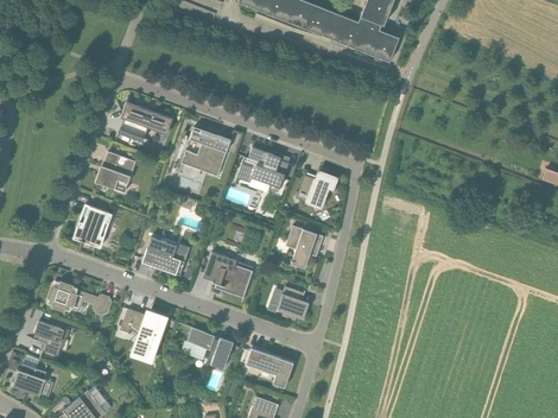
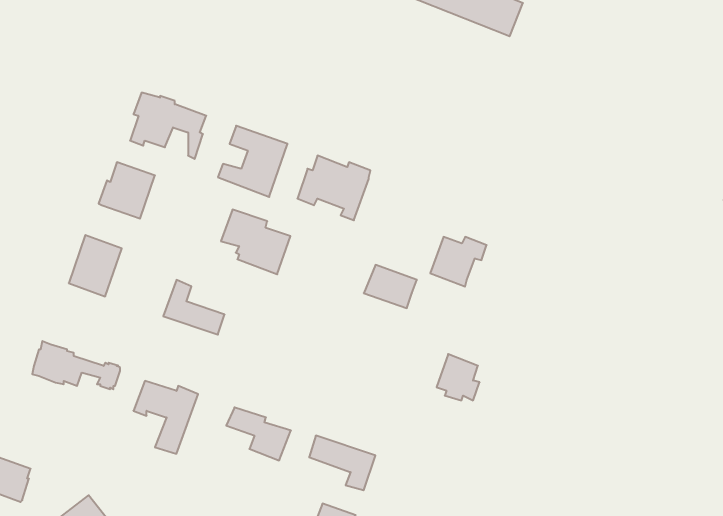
building: [296,172,336,208] -> [430,237,487,287]
building: [203,252,253,298] -> [221,210,290,274]
building: [277,286,307,319] -> [437,354,480,400]
building: [33,321,64,356] -> none

